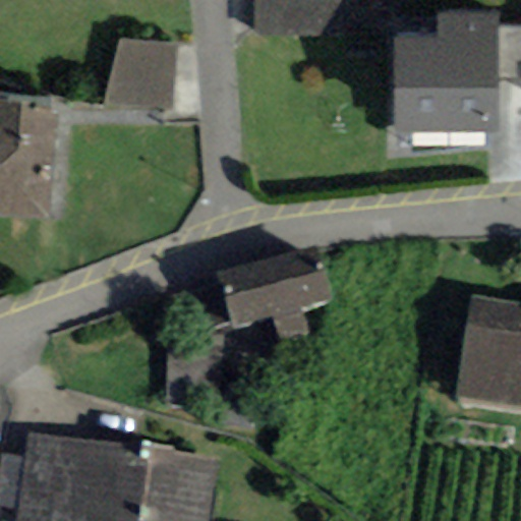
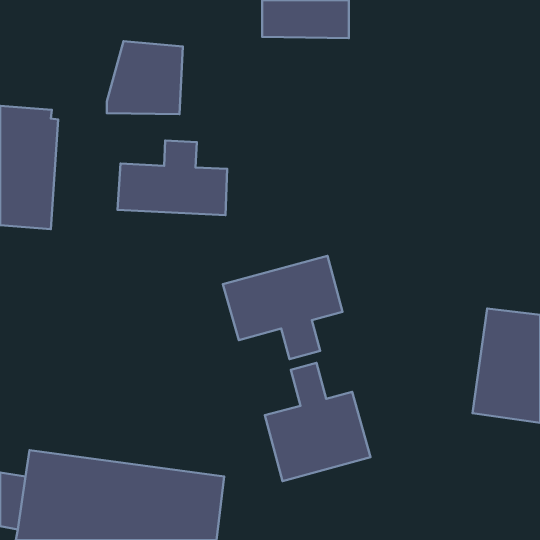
building: [393,14,498,134] -> none
building: none -> [118,140,227,215]
building: none -> [265,363,370,481]

